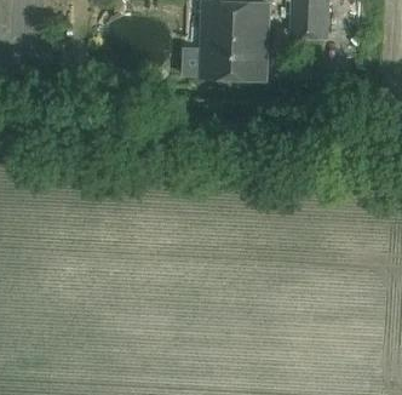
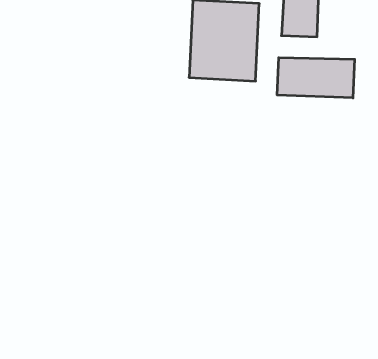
building: none -> [277,58,355,98]

